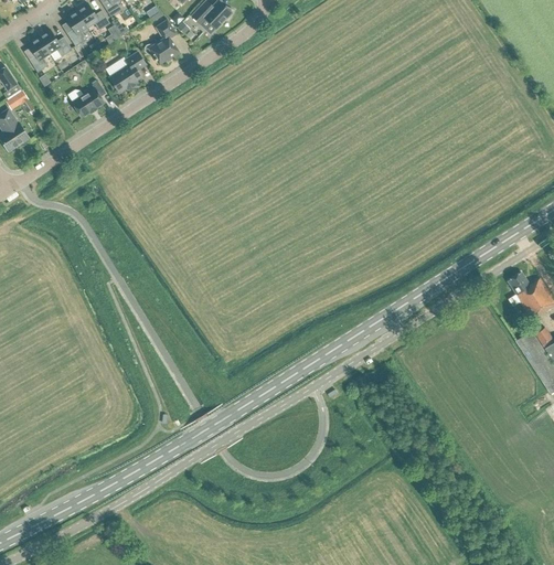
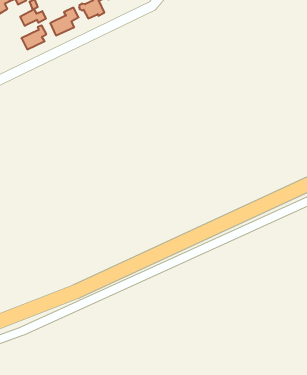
building: none -> [20,9,46,26]

